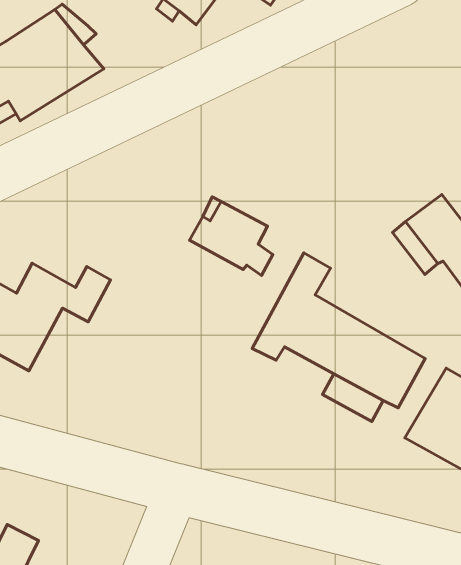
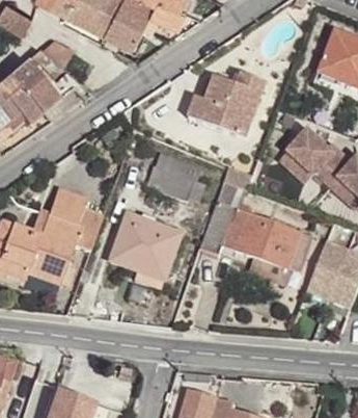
building: none -> [189,73,267,135]
building: none -> [51,189,89,225]
building: none -> [111,211,181,288]

